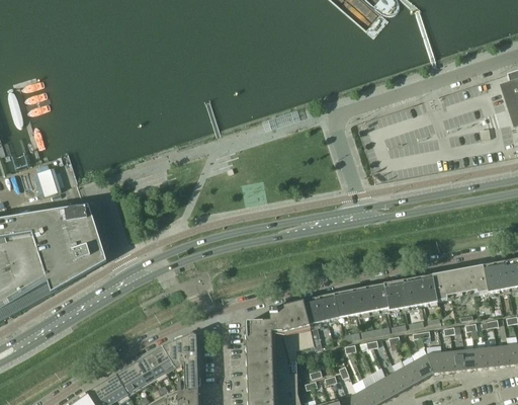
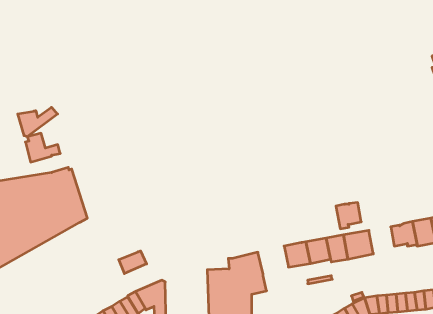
building: none -> [18,107,58,137]
building: [432,270,461,301] -> [336,203,361,229]
building: [304,293,340,327] -> none
building: none -> [119,251,147,274]

